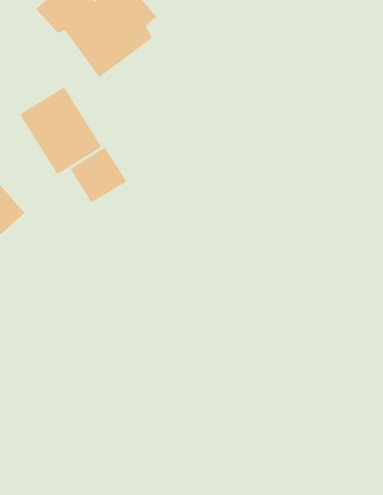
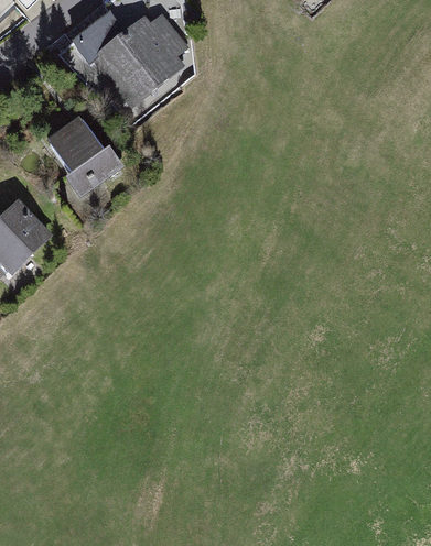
building: [70,147,127,203] -> none

